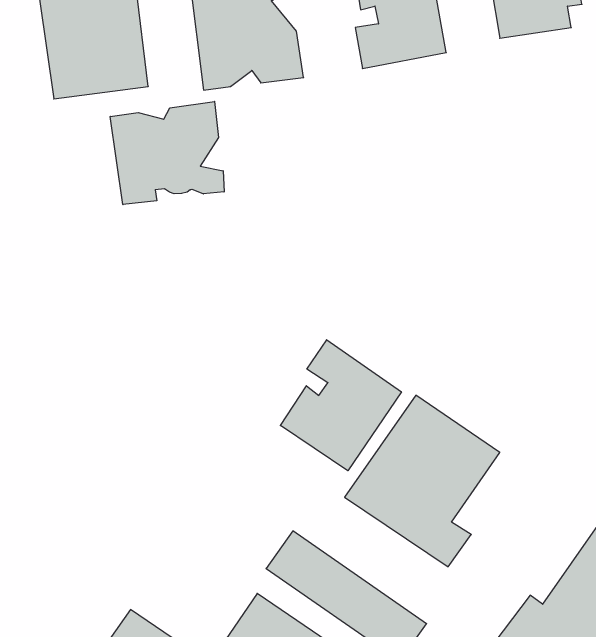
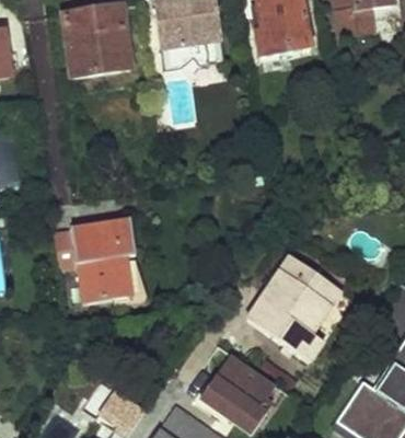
building: [110,101,224,205] -> none
building: none -> [56,218,139,301]
building: [280,340,401,471] -> none

